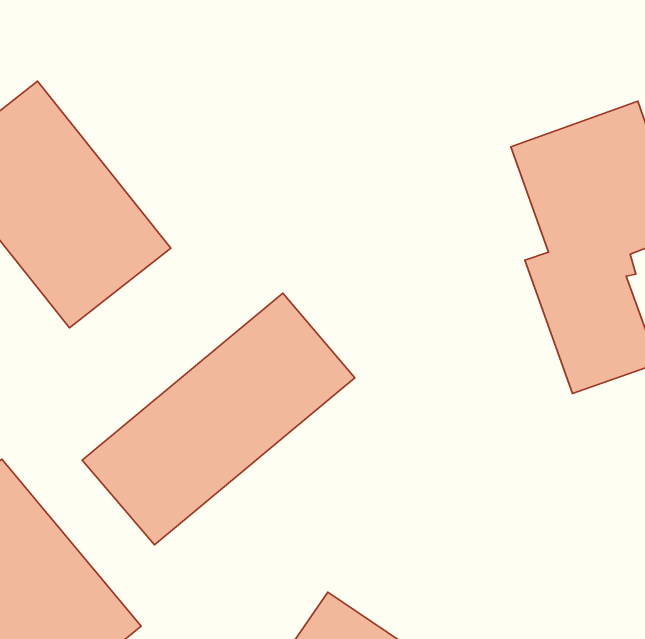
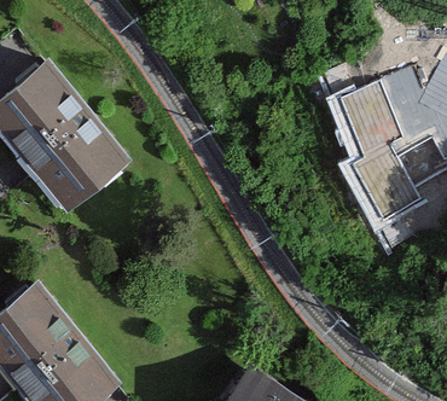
building: [82,293,355,545] -> none

